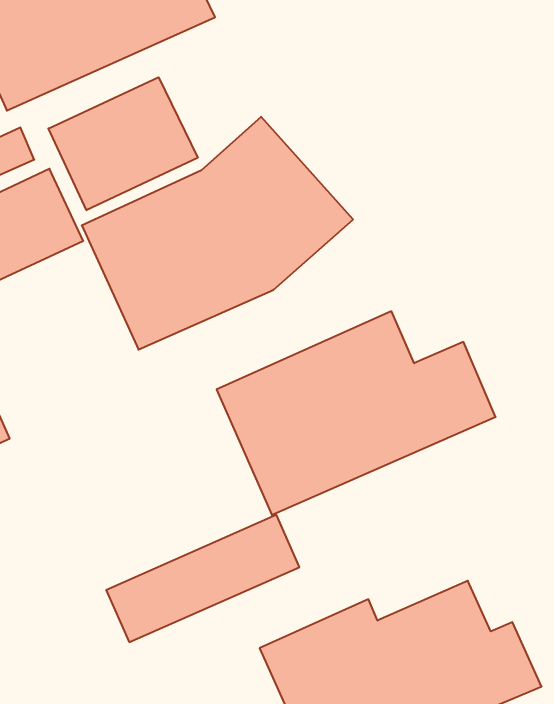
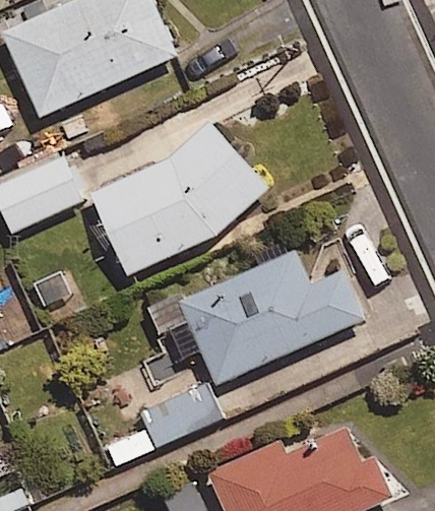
building: [48,77,198,210] -> none

